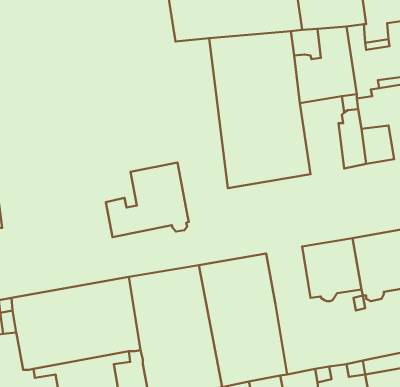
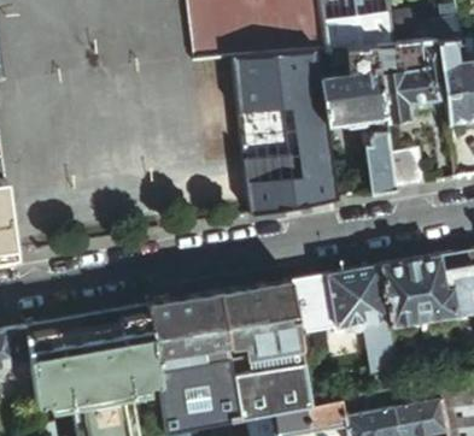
building: [106,163,189,237] -> none
building: none -> [291,275,337,335]

